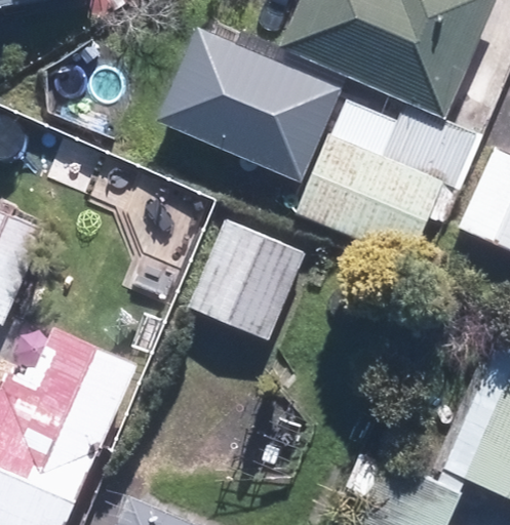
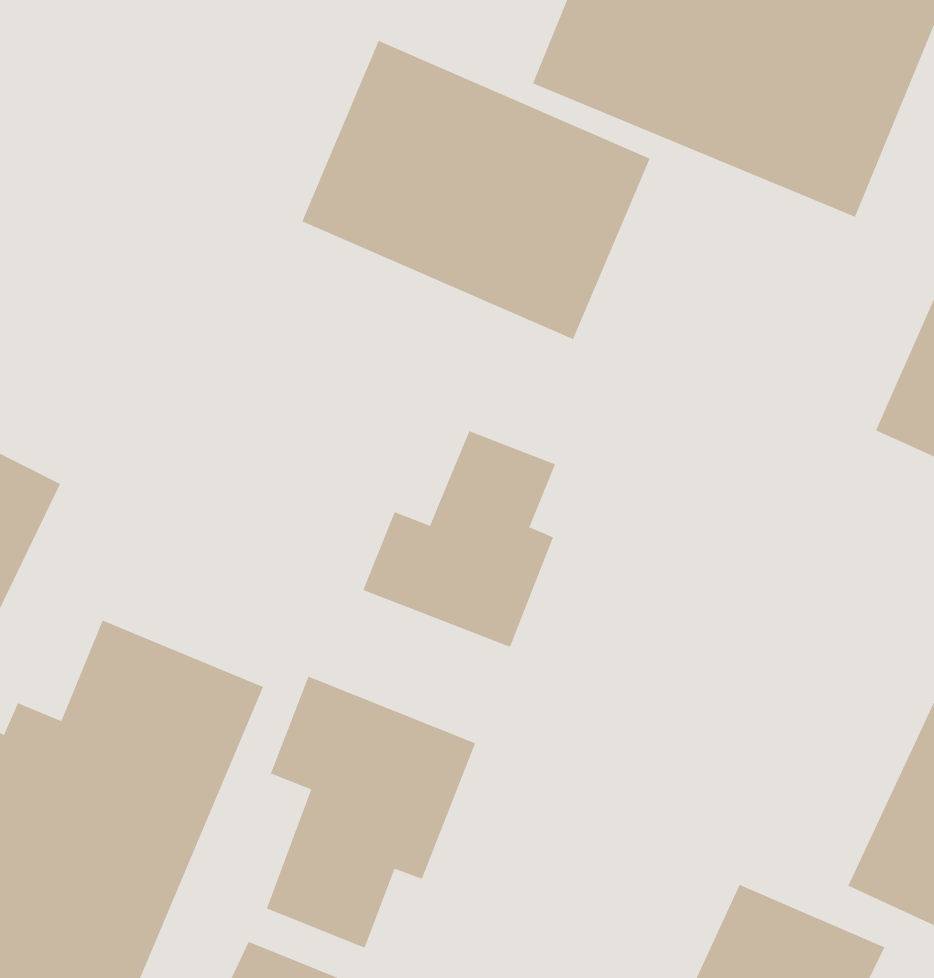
building: [295,97,478,261] -> none
building: none -> [266,676,476,948]

